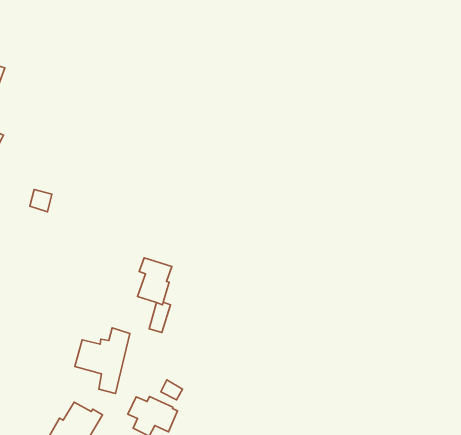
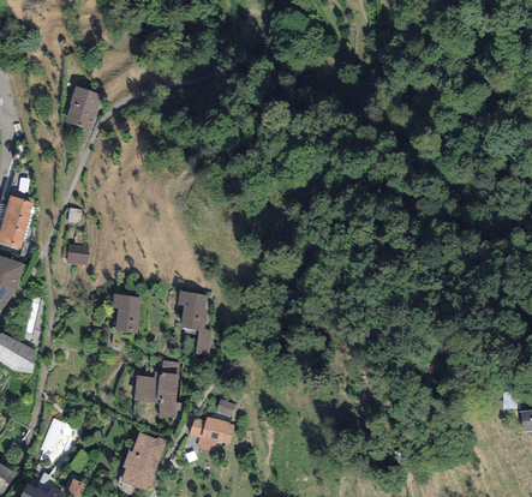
building: none -> [67,92,98,128]
building: none -> [112,293,141,333]

